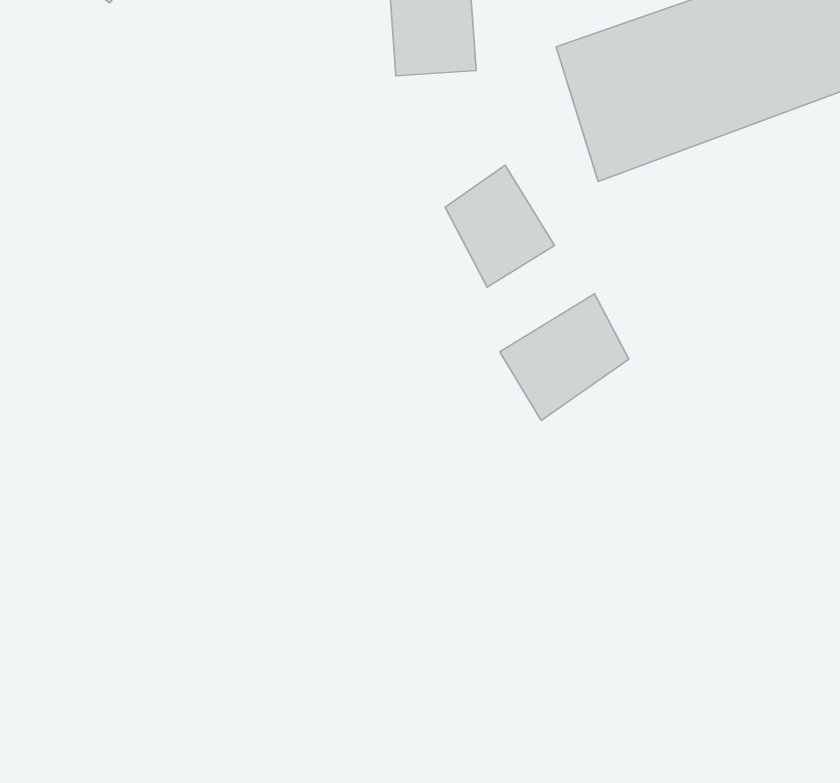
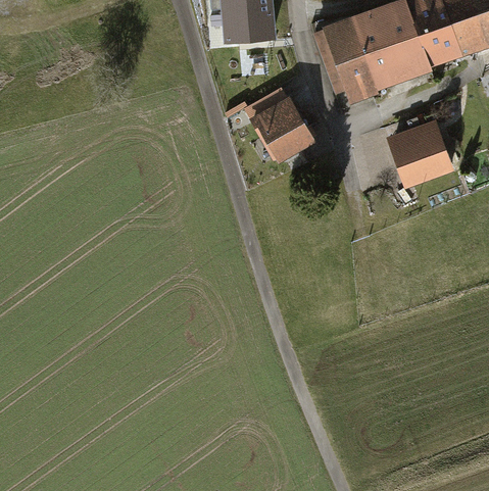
building: none -> [395,125,445,182]
building: [500,294,629,420] -> none

